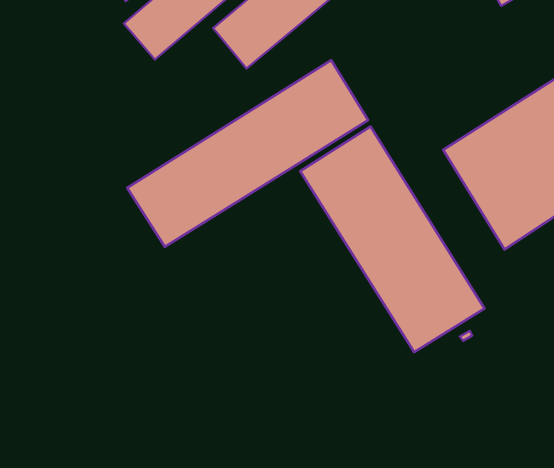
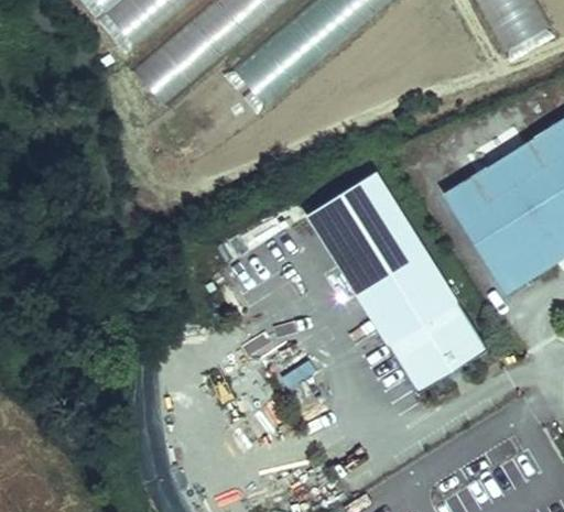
building: [127,60,368,247] -> none

